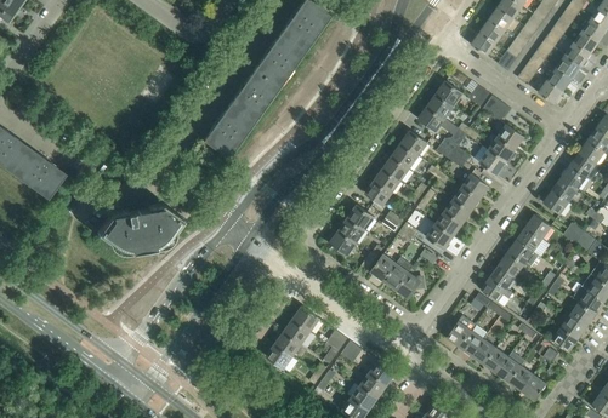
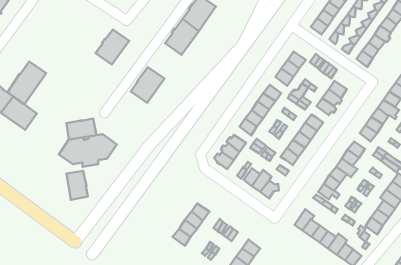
building: [229,69,279,121] -> [96,29,129,65]
building: none -> [7,61,46,104]
building: none -> [66,119,96,139]
building: none -> [66,171,88,200]

